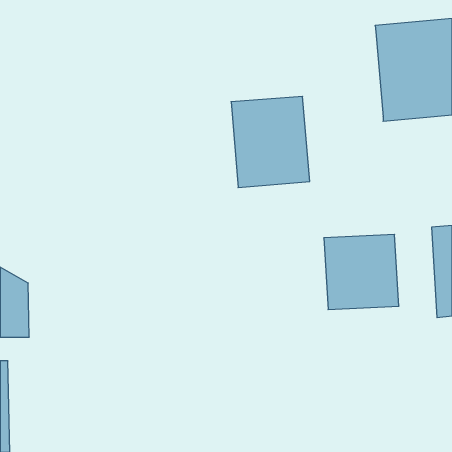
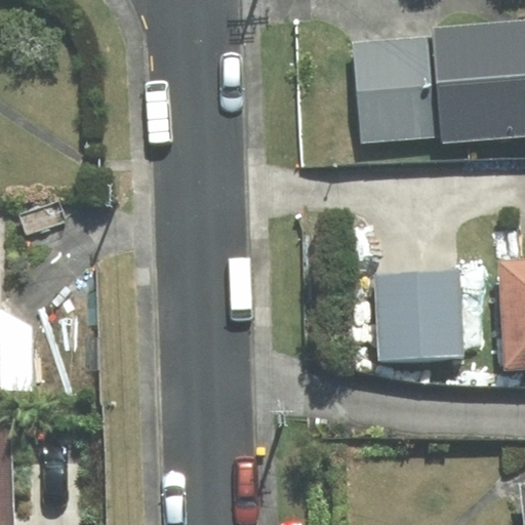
building: [231,96,310,188] -> [353,37,444,143]

